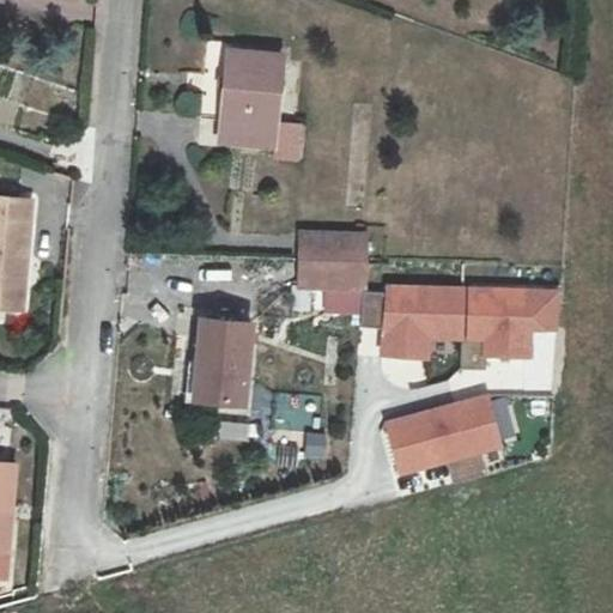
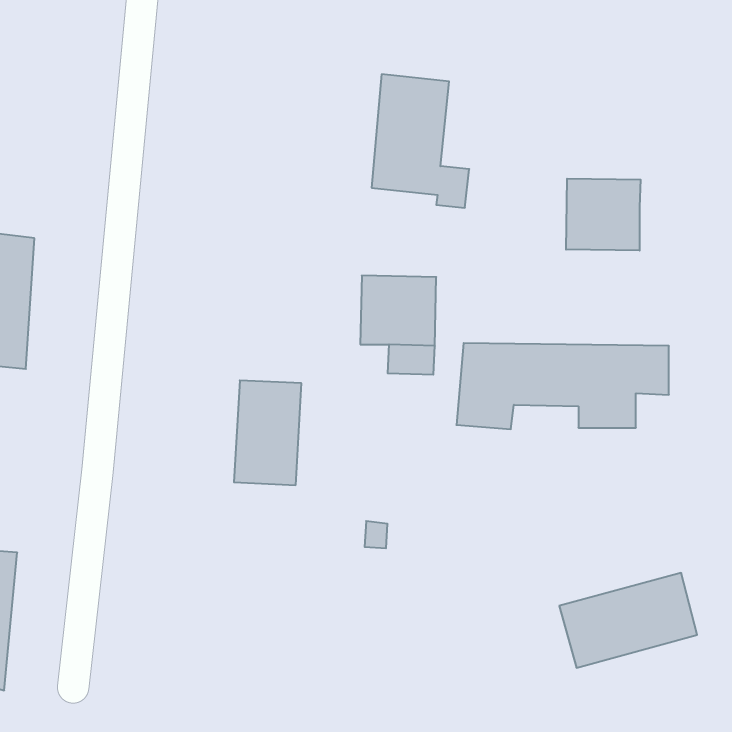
building: [220,47,302,158] -> [372,74,469,208]
building: none -> [566,179,641,251]
building: [386,395,500,474] -> [559,573,697,668]

